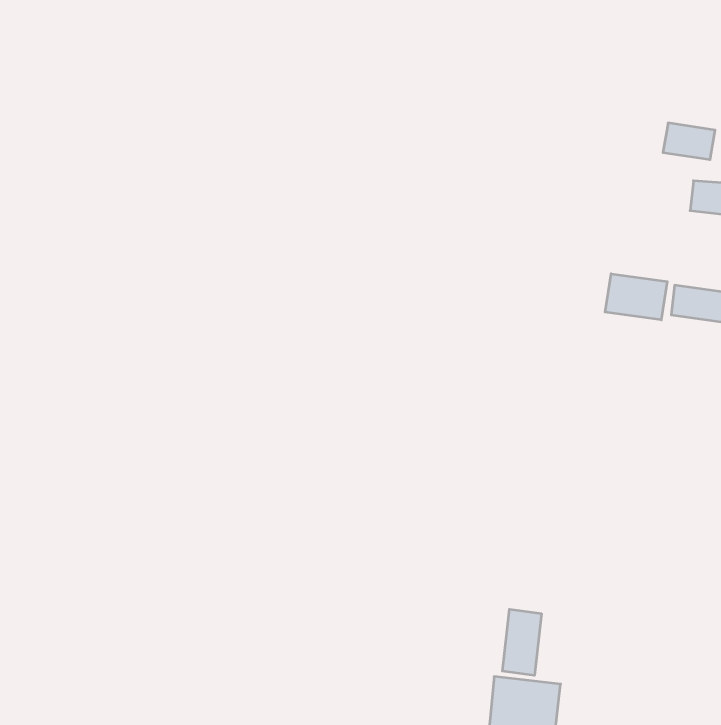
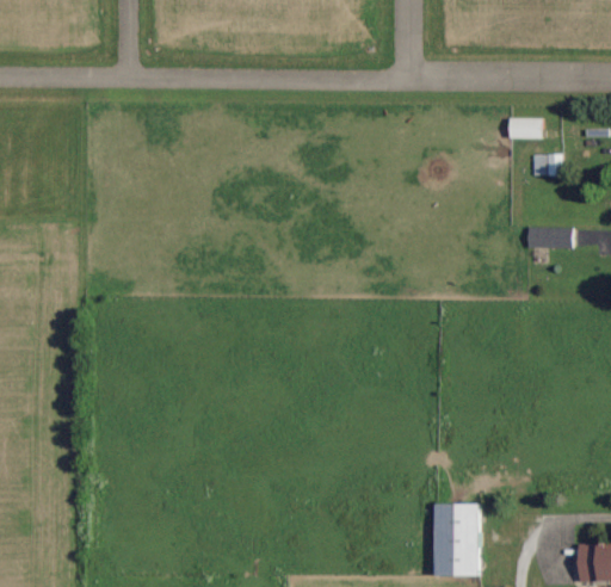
building: [605,274,667,320] -> none
building: [502,609,541,675] -> none

